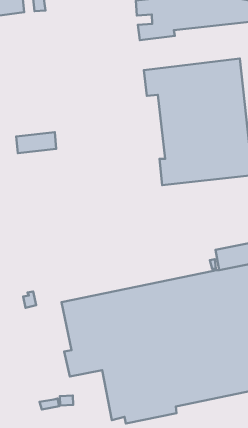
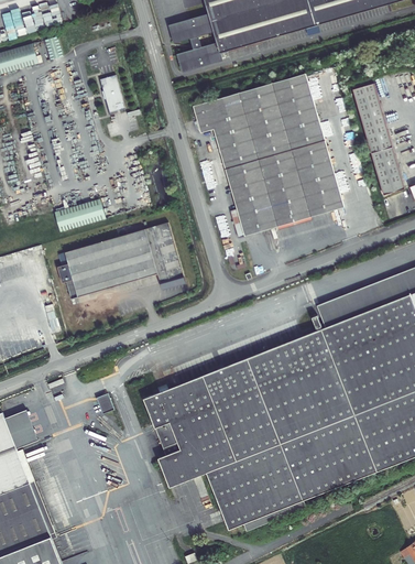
building: none -> [99,75,124,113]
building: none -> [58,223,184,297]

